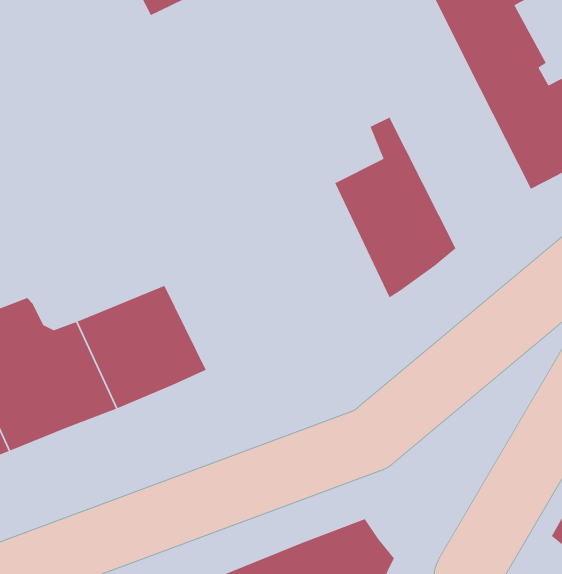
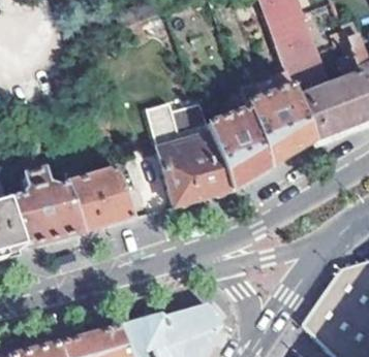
building: none -> [240,69,311,166]
building: none -> [146,104,230,206]

